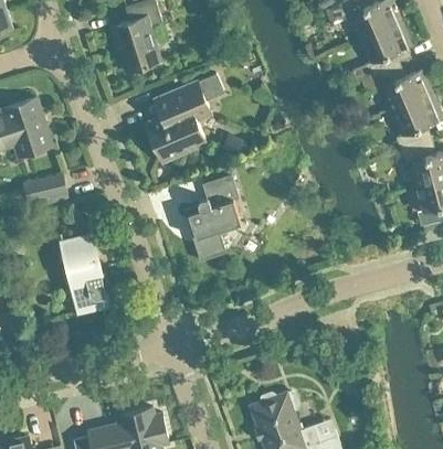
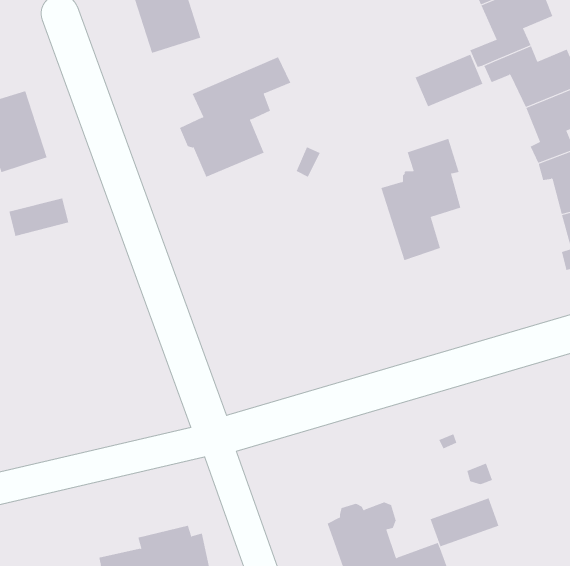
building: none -> [415,54,483,107]
building: [182,174,240,261] -> [380,138,461,261]
building: [61,232,123,316] -> none
building: none -> [430,498,499,547]

